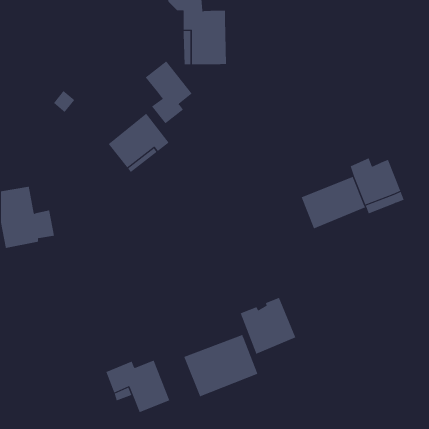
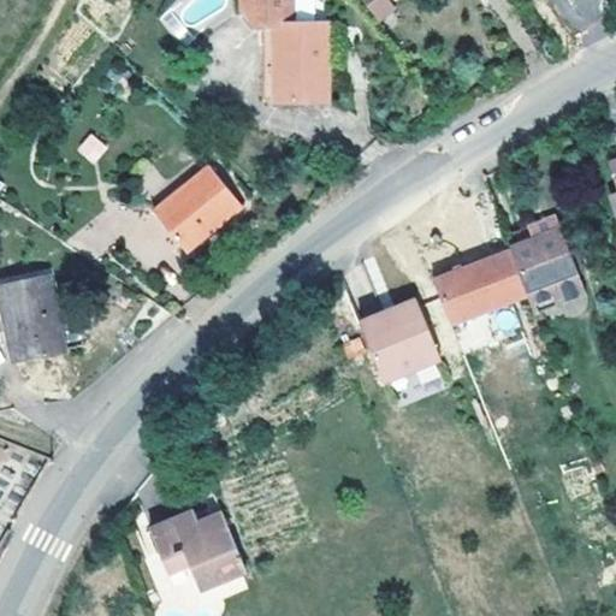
building: [145,60,193,124] -> none
building: [240,297,296,354] -> [359,302,439,384]
building: [184,334,258,397] -> none

